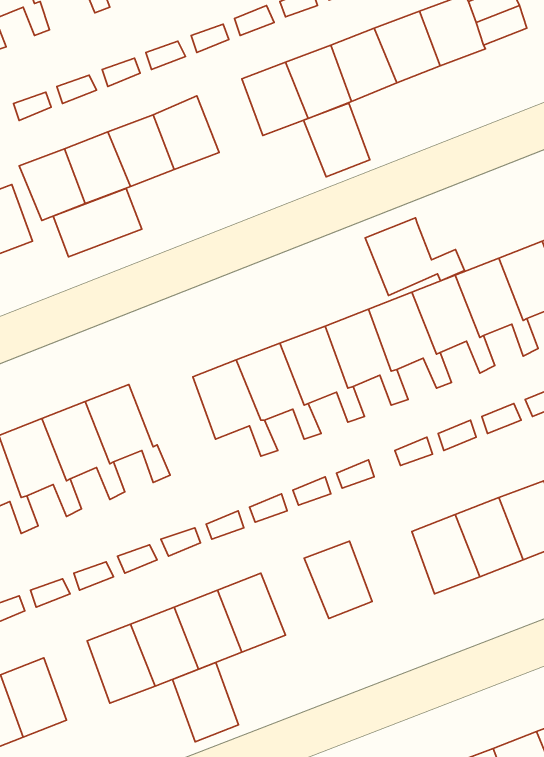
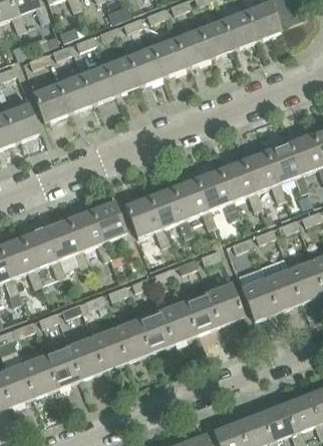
building: [304,103,370,177] -> [127,46,163,85]
building: [53,188,142,257] -> none
building: [365,218,465,296] -> none
building: none -> [91,199,136,252]
building: none -> [209,283,244,324]
building: none -> [162,301,198,342]
building: [173,662,239,742] -> [46,345,81,387]

